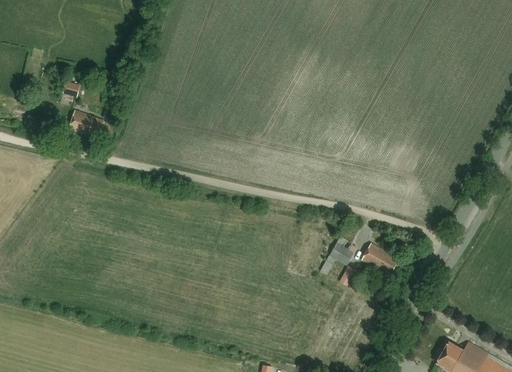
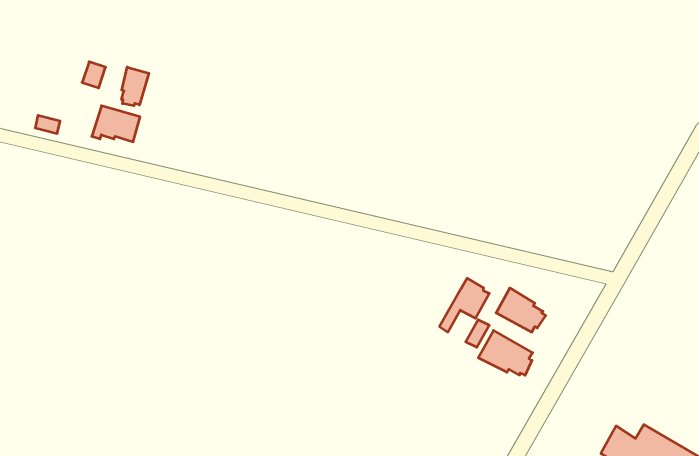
building: none -> [122,67,149,106]
building: none -> [478,330,533,375]

